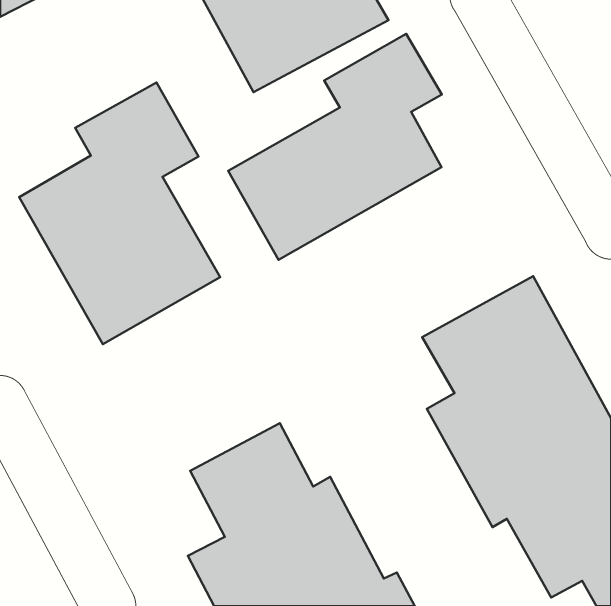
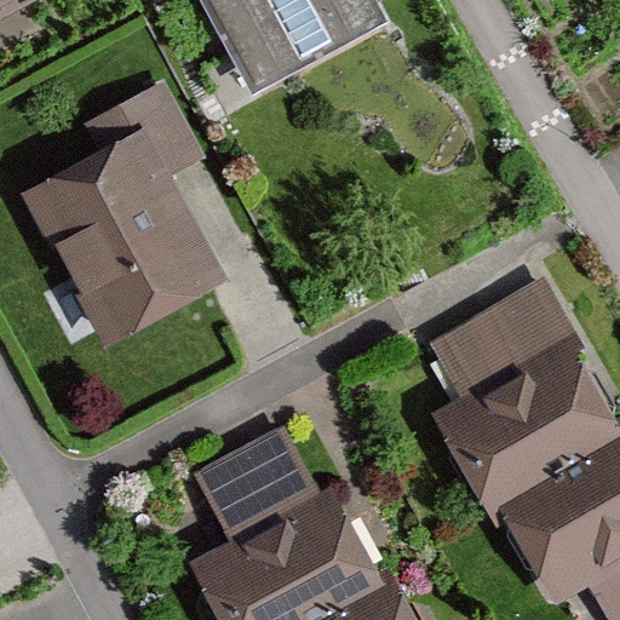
building: [228,34,442,260] -> none

